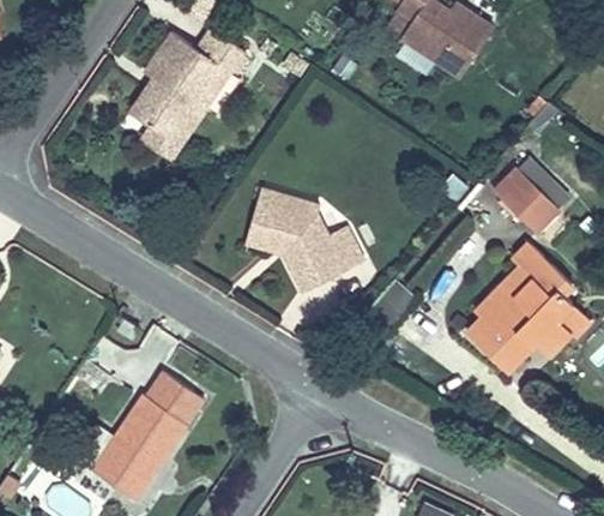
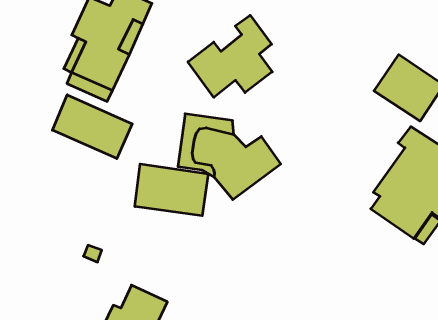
building: none -> [188,15,272,97]
building: none -> [52,95,132,159]
building: none -> [135,164,208,216]

